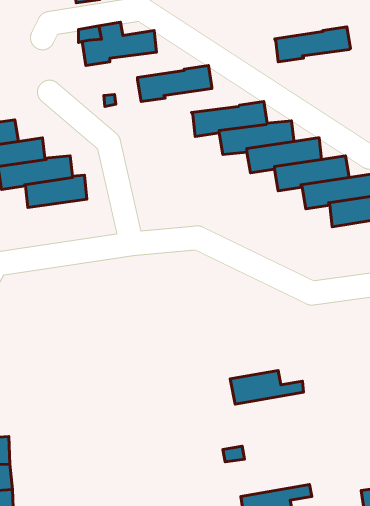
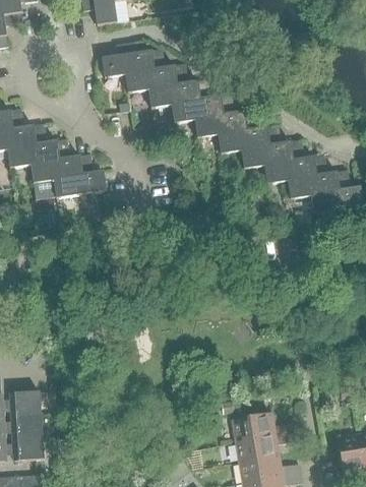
building: [275,27,350,62] -> [170,93,234,122]
building: none -> [124,63,187,93]
building: [230,370,304,404] -> [231,413,293,441]

